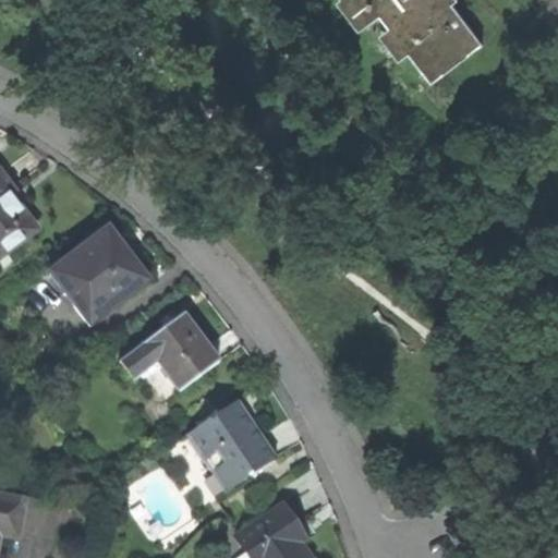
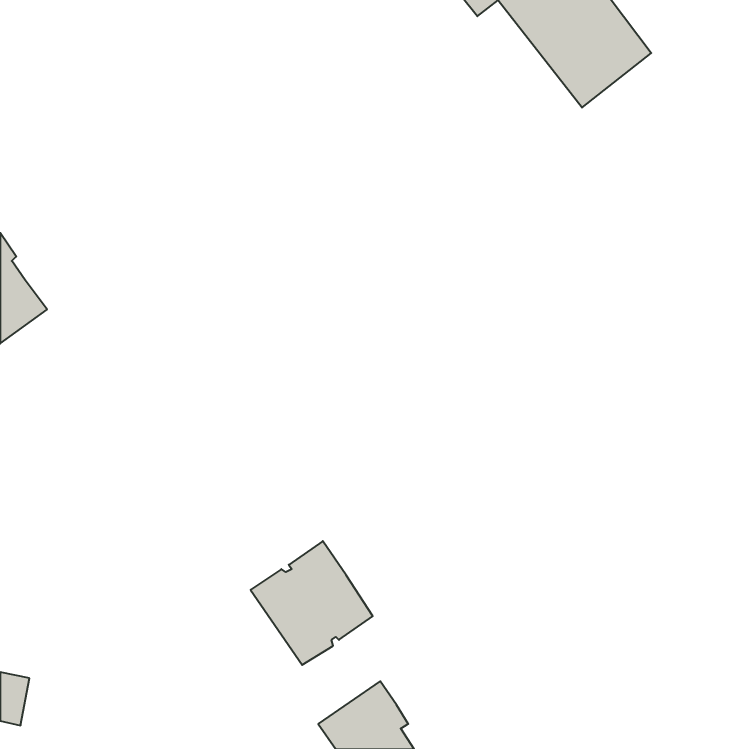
building: [47,228,148,326] -> none
building: [142,314,218,392] -> none

